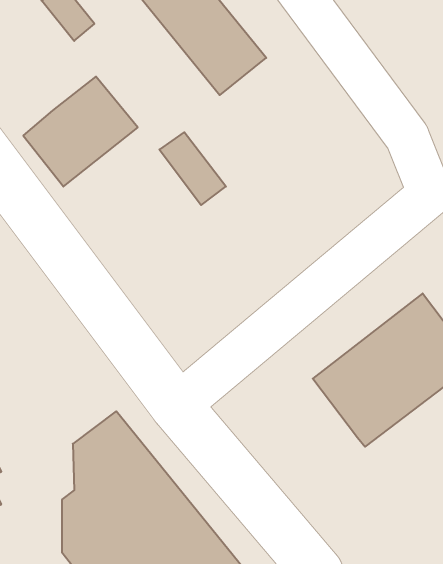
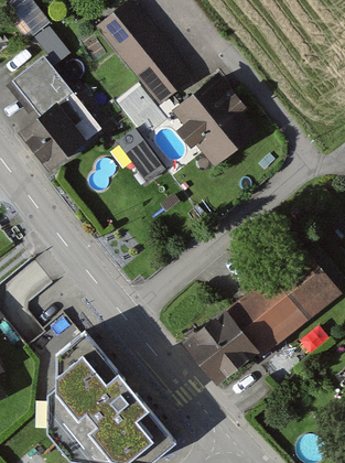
building: none -> [12,56,71,116]
building: none -> [166,71,255,163]
building: none -> [182,306,257,381]

